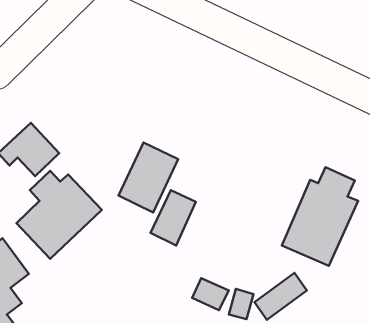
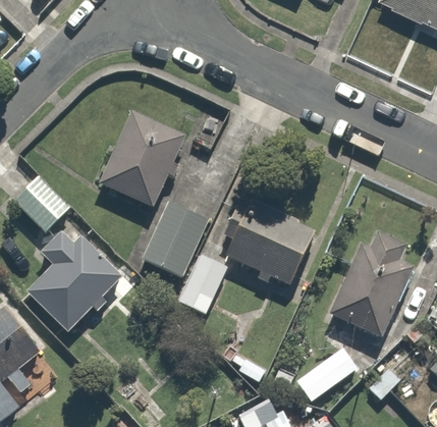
building: none -> [99,111,186,209]
building: none -> [220,195,317,288]

